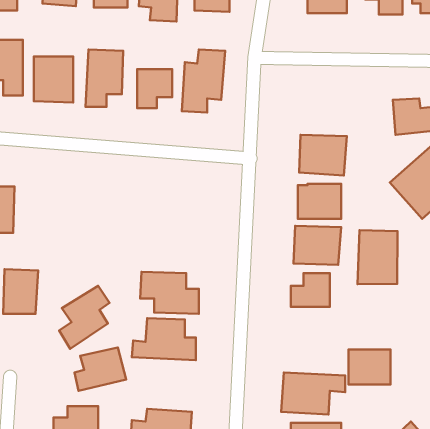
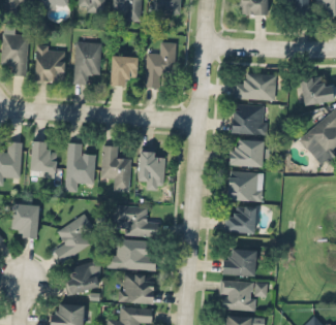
building: none -> [234,73,275,98]
building: none -> [31,141,55,175]
building: none -> [64,143,95,190]
building: none -> [101,145,130,191]
building: none -> [140,152,164,190]
building: [358,230,398,284] -> none
building: [349,349,390,384] -> [223,249,254,274]
building: none -> [120,274,153,302]

